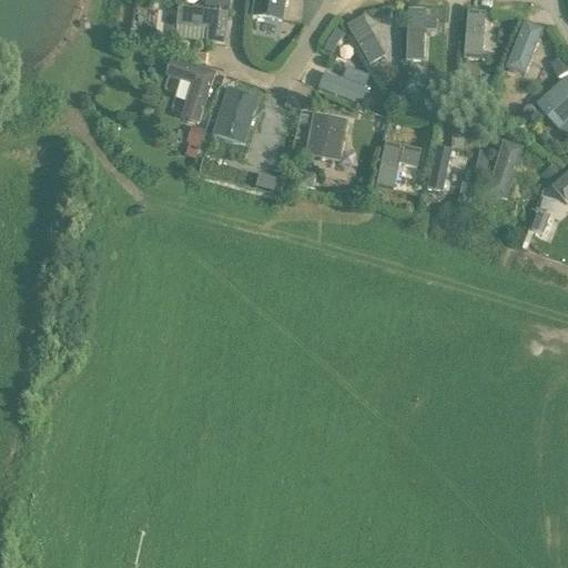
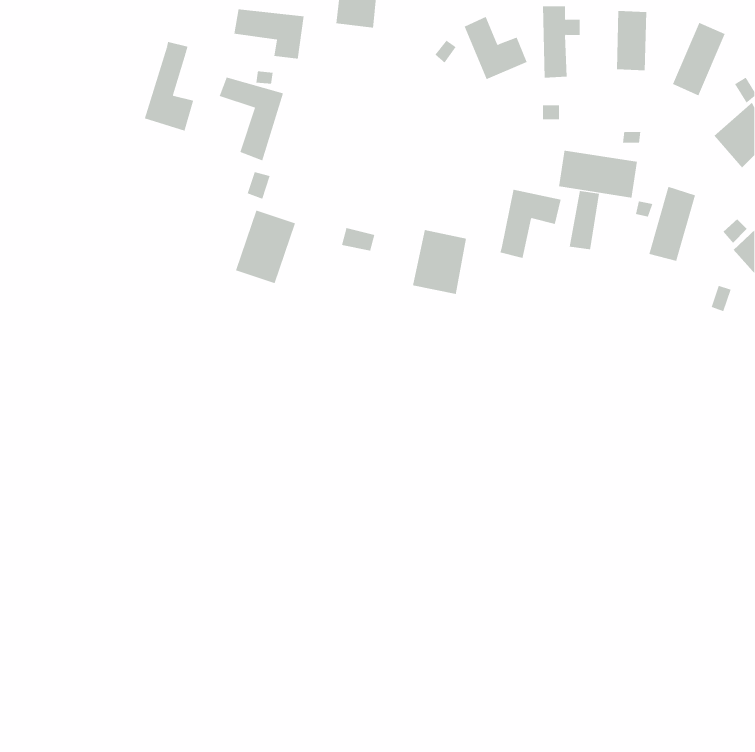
building: none -> [144,41,194,131]
building: [316,68,367,101] -> none
building: [213,90,258,145] -> [235,210,296,284]
building: [304,111,345,160] -> [412,229,467,294]
building: none -> [559,150,637,198]

